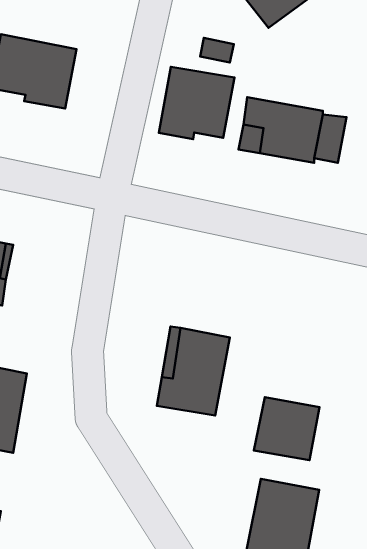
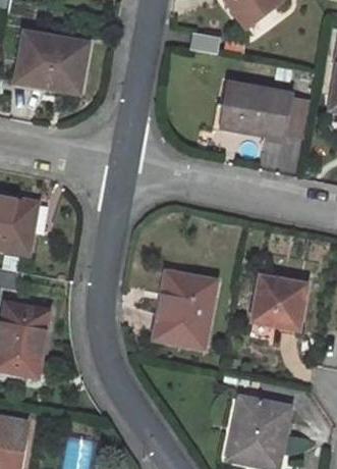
building: [159,67,234,139] -> none
building: [254,397,319,460] -> [251,275,305,327]

